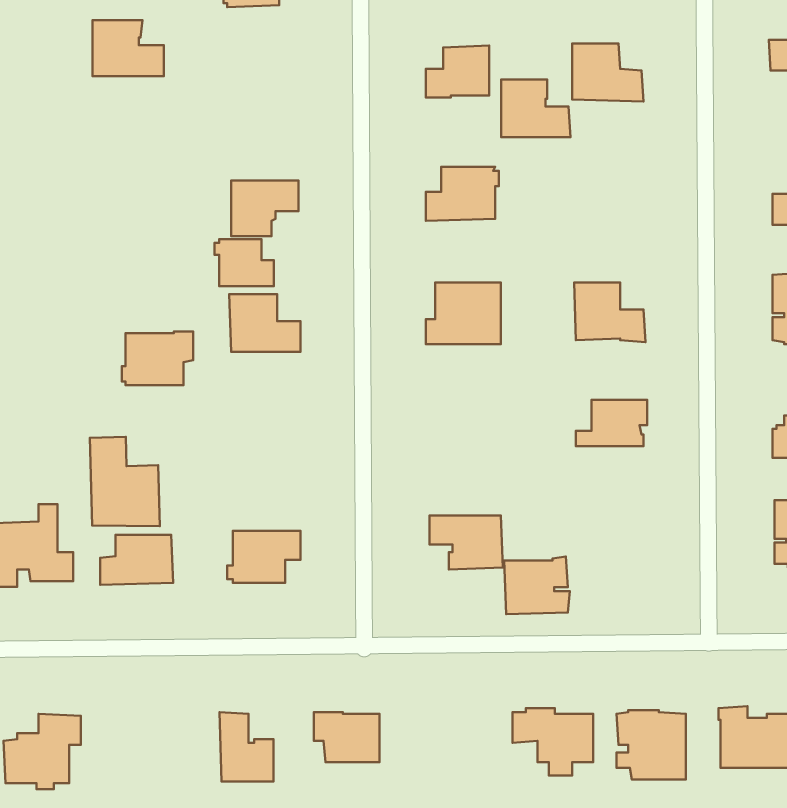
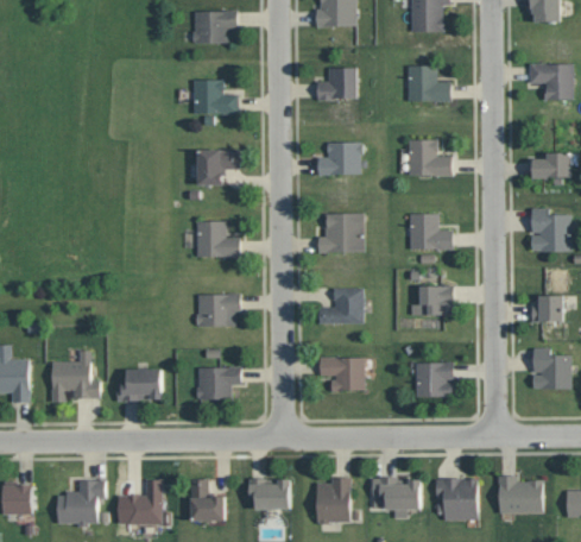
building: [92,20,164,76] -> [194,80,238,114]
building: [501,80,570,137] -> [409,140,451,176]
building: [214,239,274,286] -> none
building: [122,331,193,385] -> [196,294,240,327]
building: none -> [318,288,362,323]
building: [90,437,160,526] -> none
building: [504,556,570,614] -> [415,361,455,397]
building: none -> [316,478,351,525]
building: none -> [126,479,162,524]

